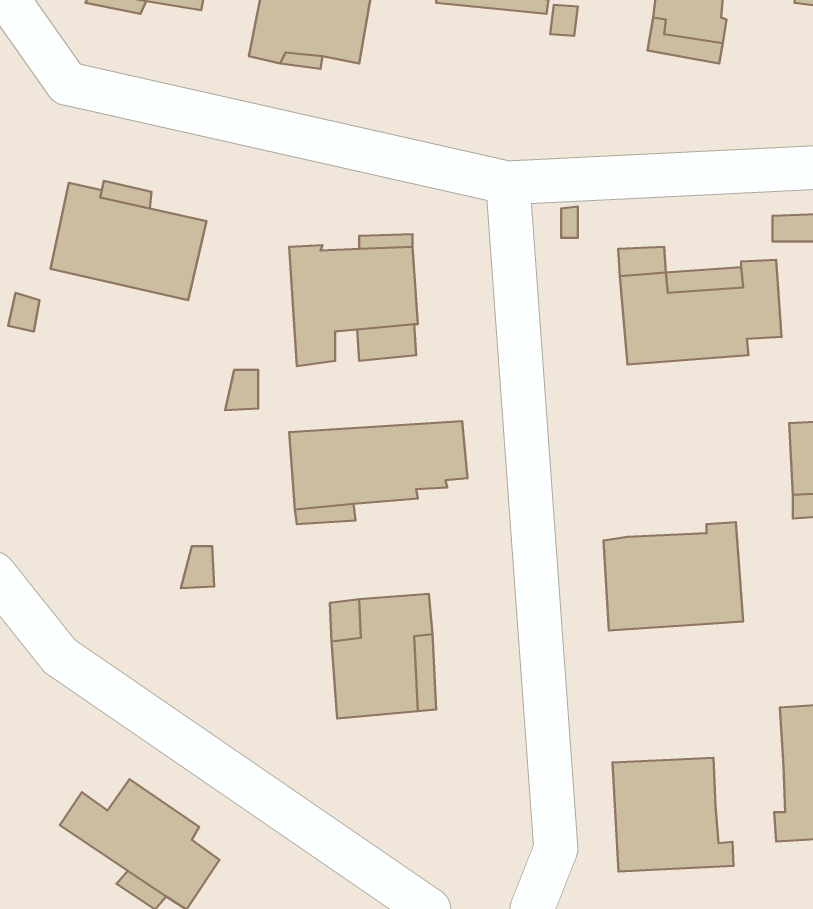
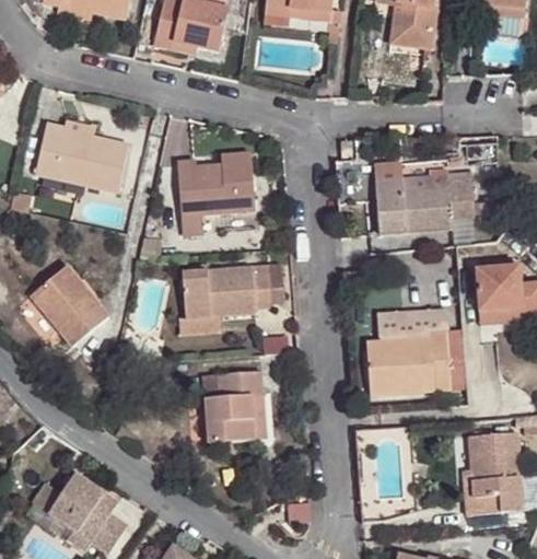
building: none -> [30,265,108,347]
building: none -> [378,303,444,334]
building: [612,758,733,872] -> none

